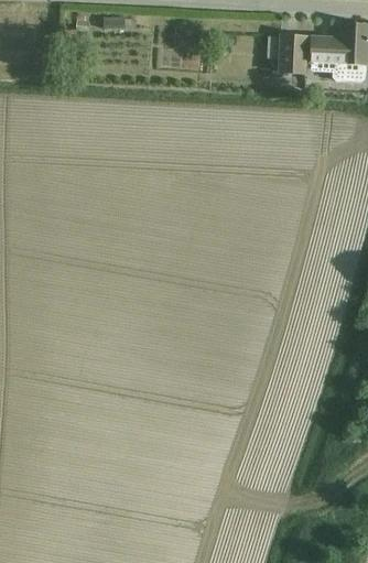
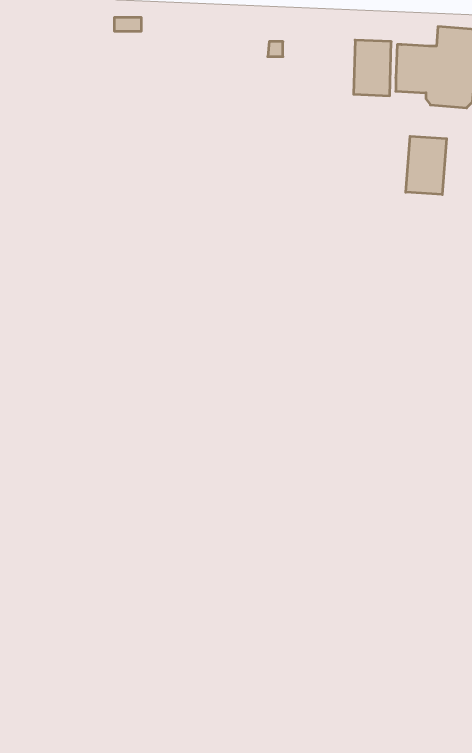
building: none -> [406,136,447,195]

